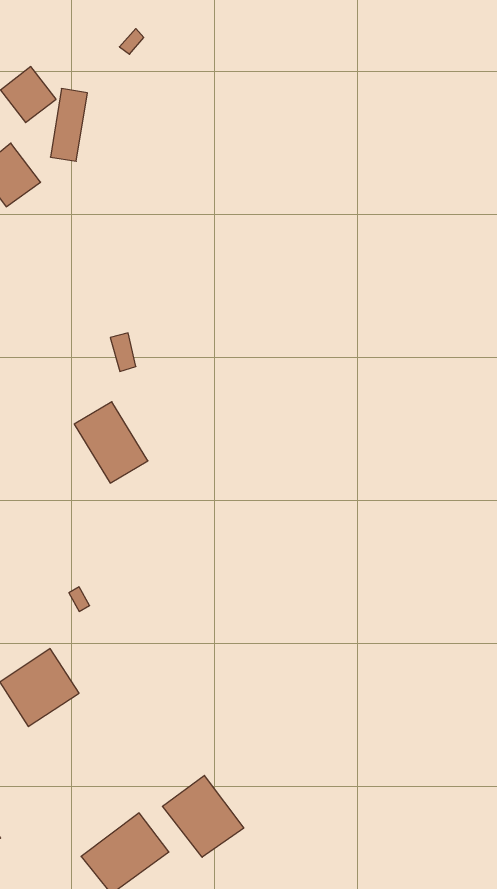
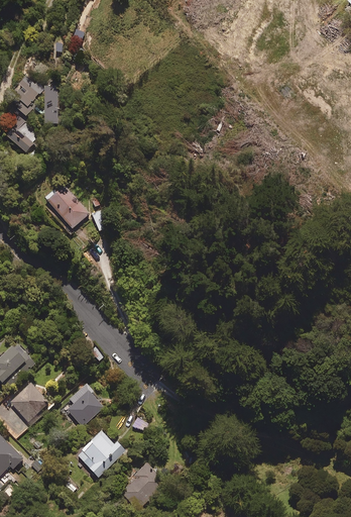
building: [74,402,148,483] -> [45,185,88,228]
building: none -> [74,427,125,478]
building: [162,775,244,857] -> none

